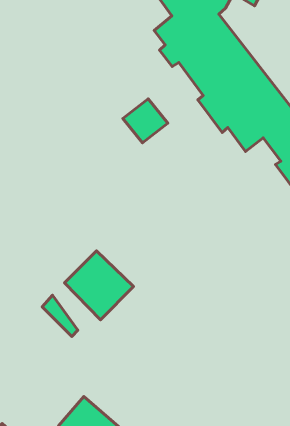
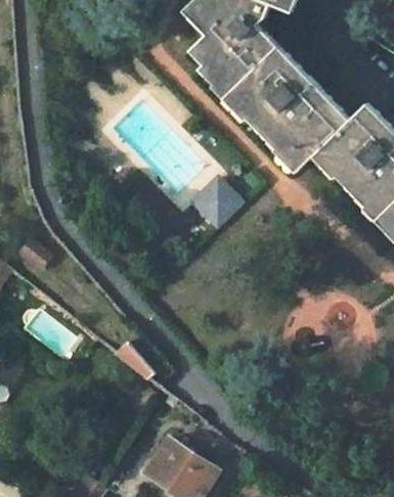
building: [123,99,168,143] -> [194,179,242,225]
building: [65,251,133,320] -> none

